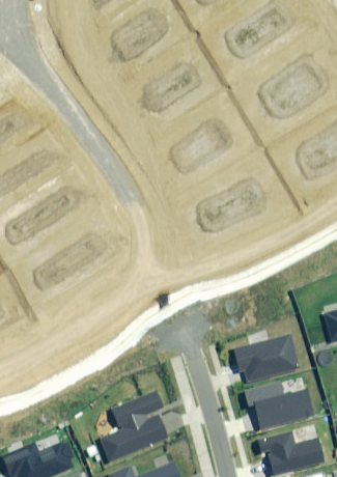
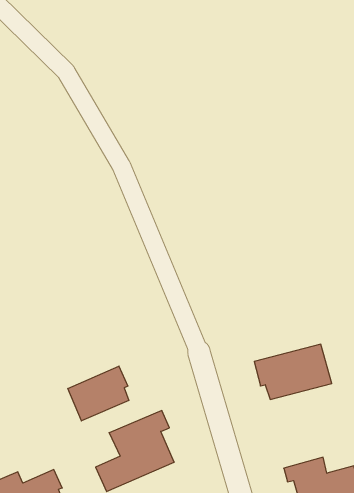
building: none -> [68,366,129,421]
building: [246,382,314,428] -> none

